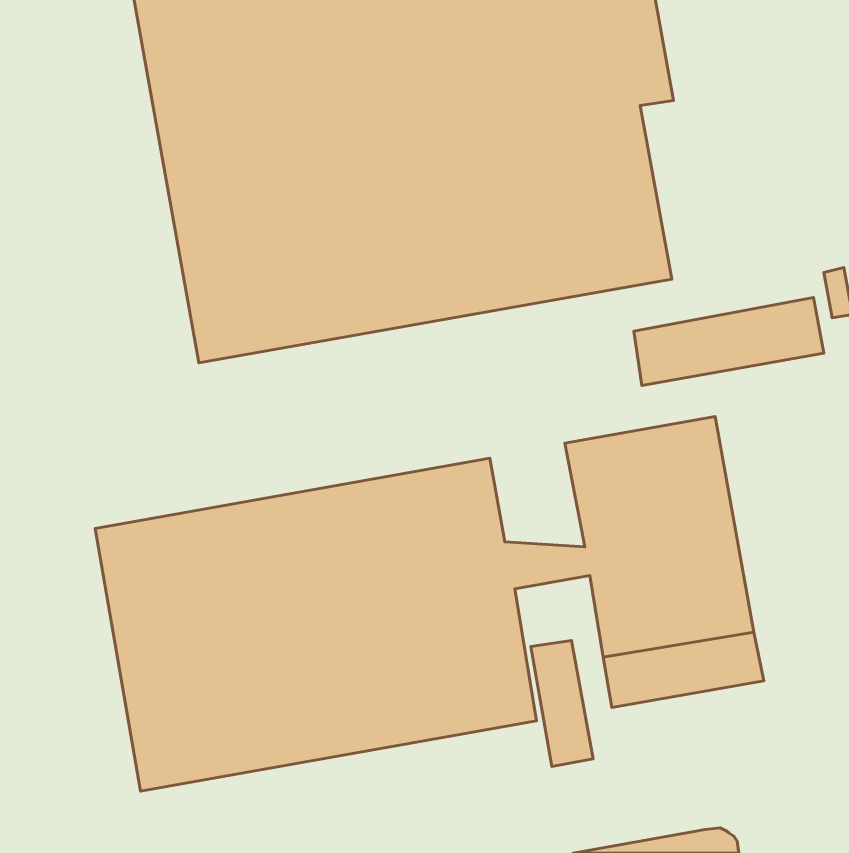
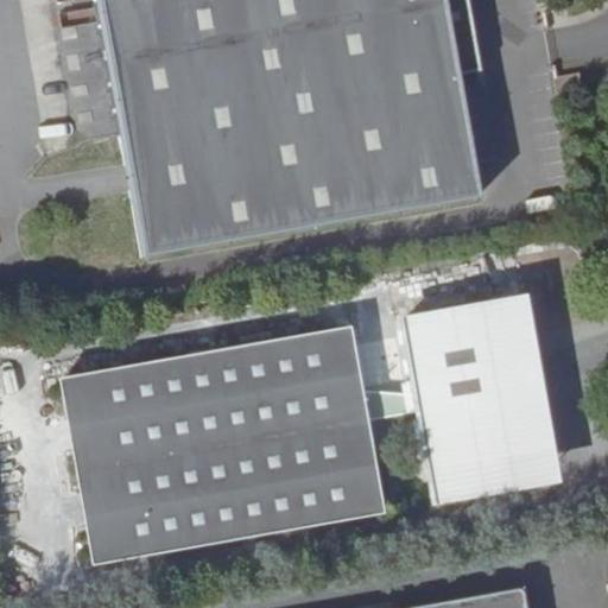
building: [634,298,824,386] -> none
building: [531,641,593,766] -> none

